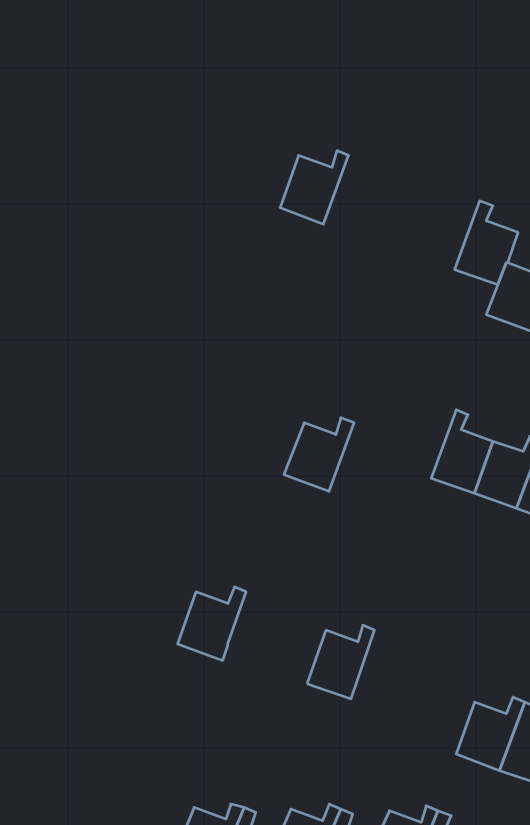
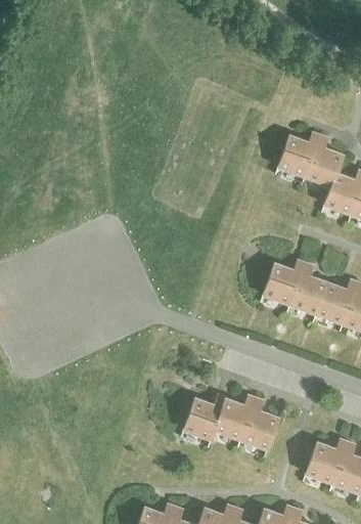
building: [280,151,349,224] -> [278,132,320,177]
building: [284,418,354,491] -> [263,260,306,305]
building: [178,587,246,660] -> [184,395,226,440]
building: none -> [241,398,279,449]

